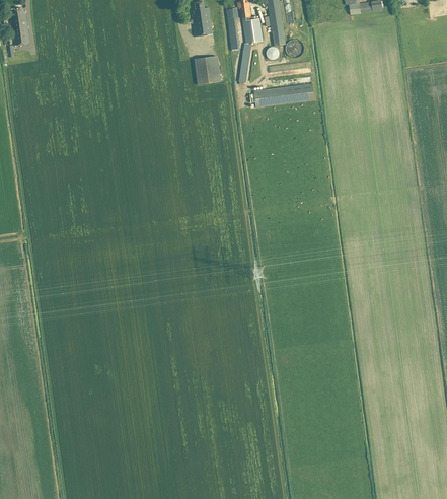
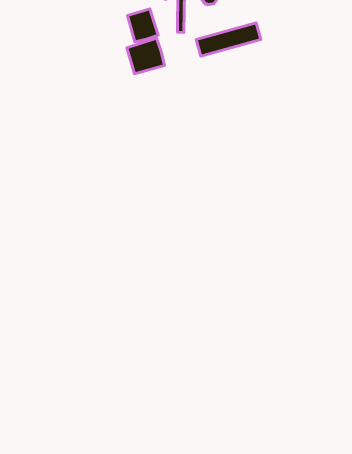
building: none -> [127,38,165,74]

